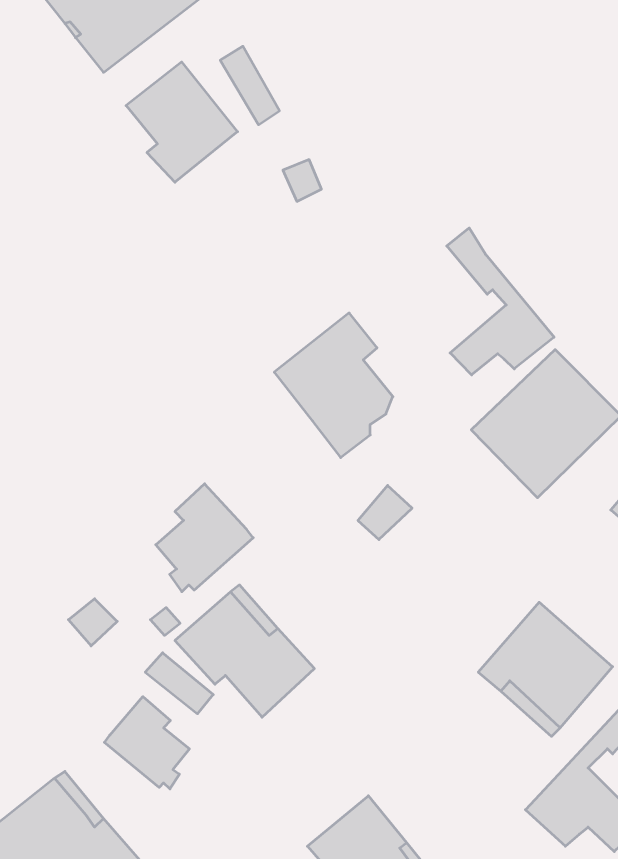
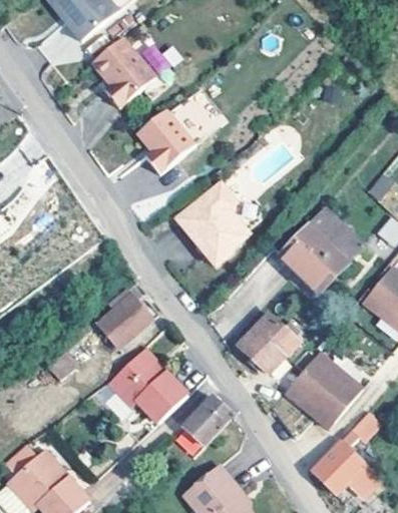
building: none -> [129,113,187,177]
building: [447,228,554,375] -> none
building: none -> [236,313,302,375]
building: none -> [184,393,235,445]
building: [104,697,189,789] -> none

